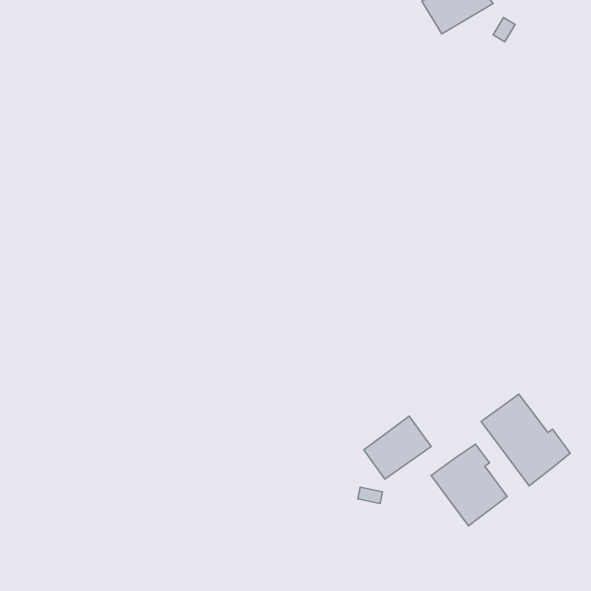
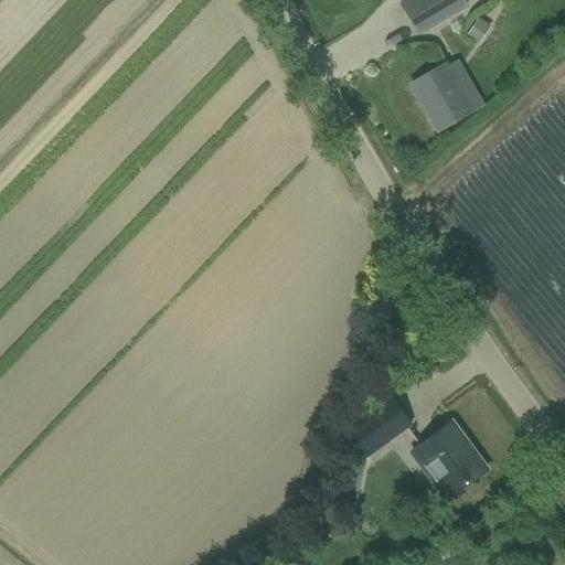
building: none -> [416,63,473,127]
building: [481,394,570,486] -> none

